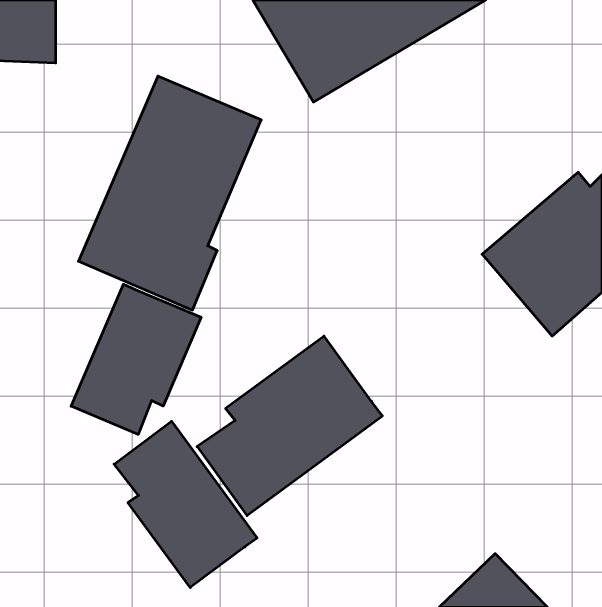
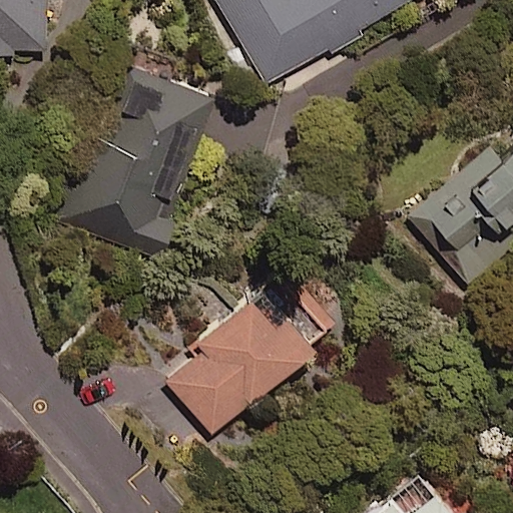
building: [71,284,201,434] -> none
building: [114,421,257,588] -> none

